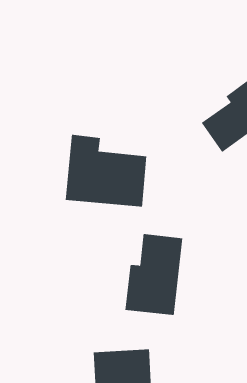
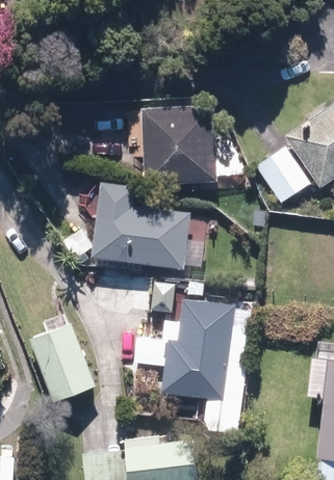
building: none -> [143,103,217,180]
building: none -> [29,313,95,401]

